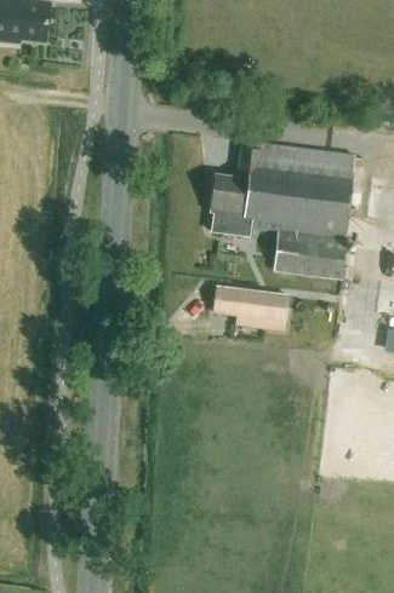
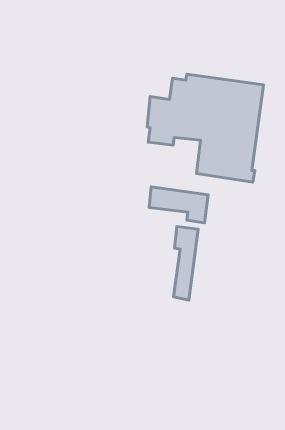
building: none -> [173,226,198,300]

